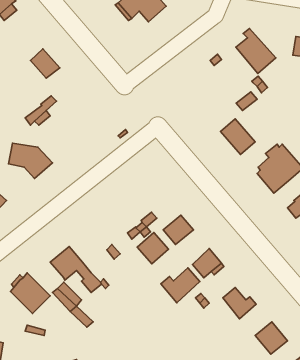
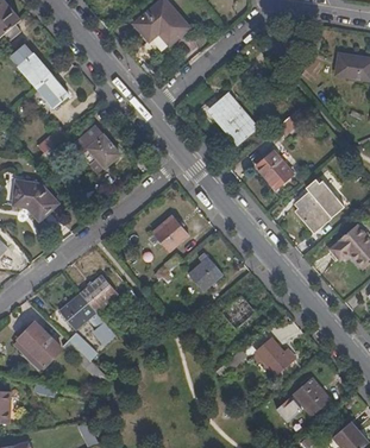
building: [236,28,276,73] -> [212,96,257,147]
building: none -> [17,50,50,84]
building: none -> [74,115,119,170]
building: none -> [80,278,115,314]
building: [137,232,168,264] -> [151,219,187,254]
building: [161,268,200,303] -> none

